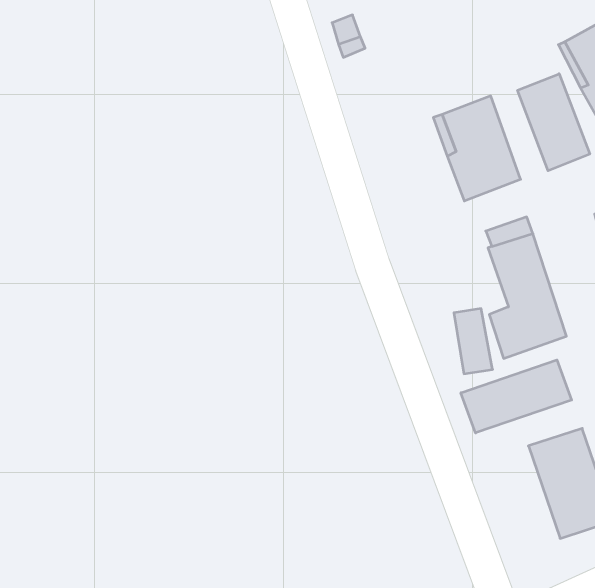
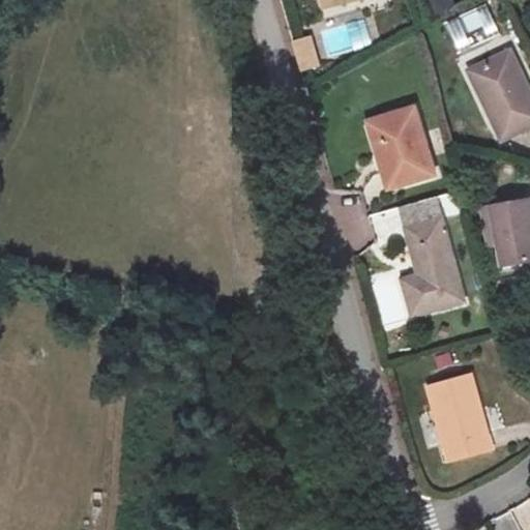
building: [518,74,590,171] -> none
building: [461,360,572,433] -> none

